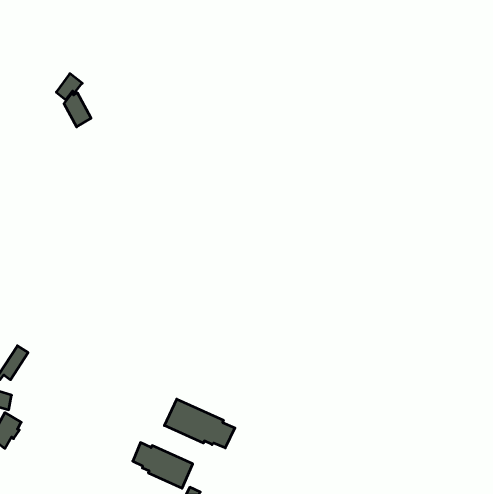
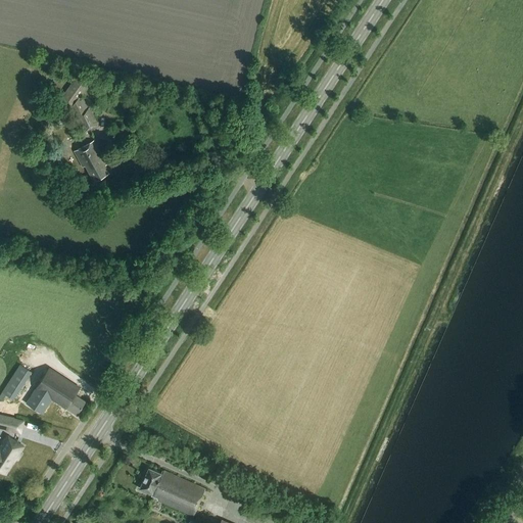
building: none -> [74,141,107,181]
building: none -> [25,370,85,416]
building: [164,399,235,448] -> none

